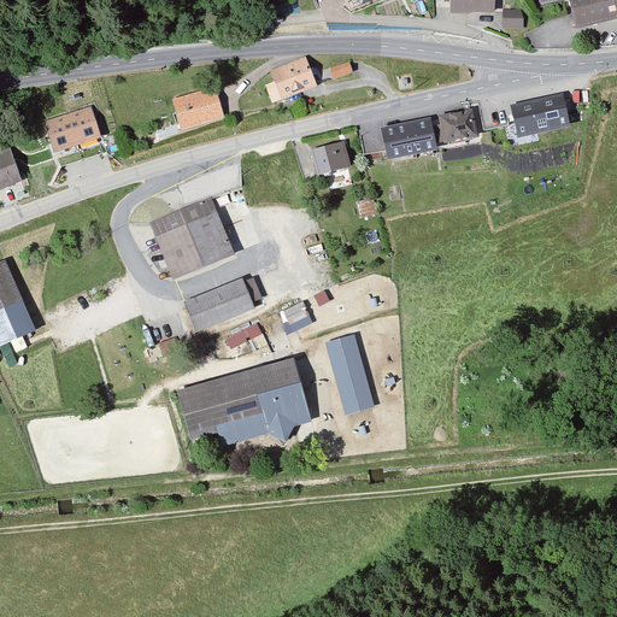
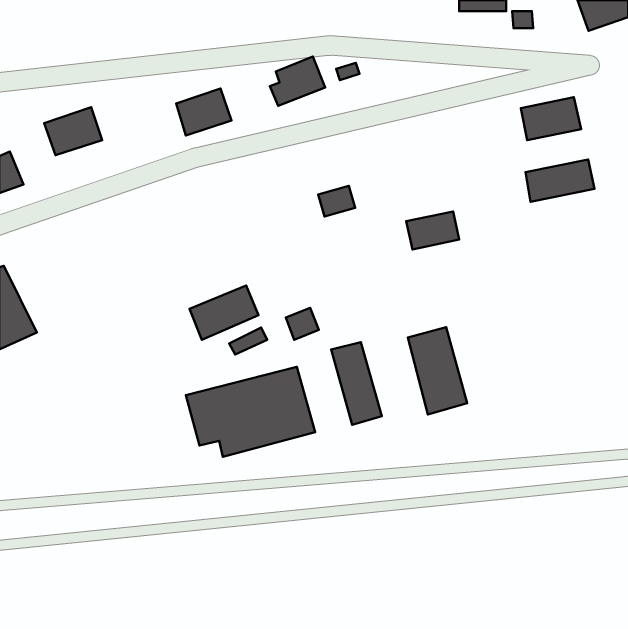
building: [439,107,477,141] -> none
building: [382,119,434,157] -> [406,211,459,250]
building: [312,143,348,174] -> [318,186,355,217]
building: none -> [525,160,594,202]
building: [151,198,233,278] -> none
building: none -> [408,327,467,414]

